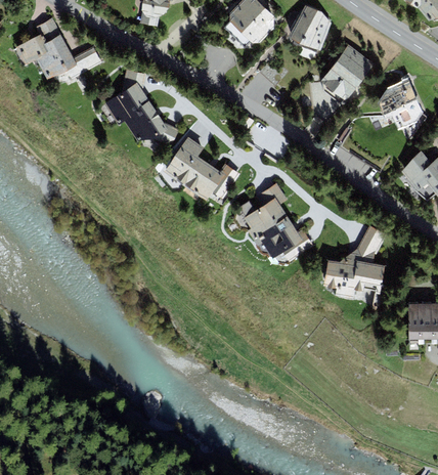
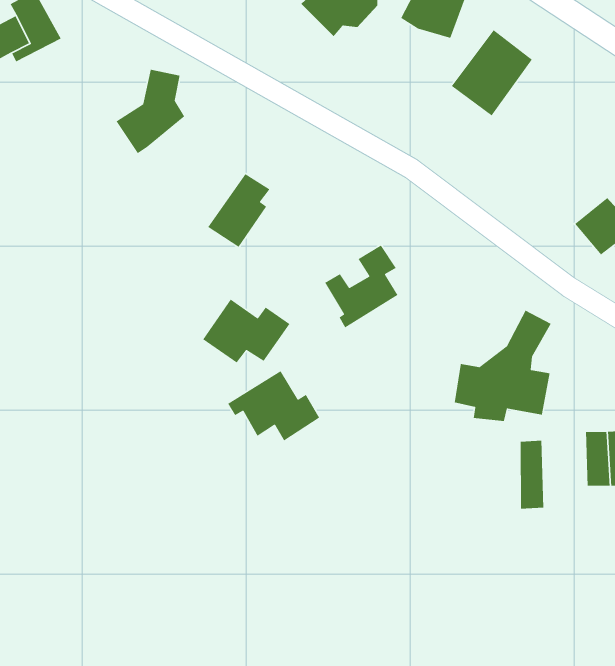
building: [39,46,100,79] -> none
building: [378,79,422,128] -> none
building: [124,99,178,144] -> none
building: [183,158,240,200] -> [202,298,291,363]
building: [252,215,312,261] -> [227,370,320,441]
building: none -> [520,440,544,510]

